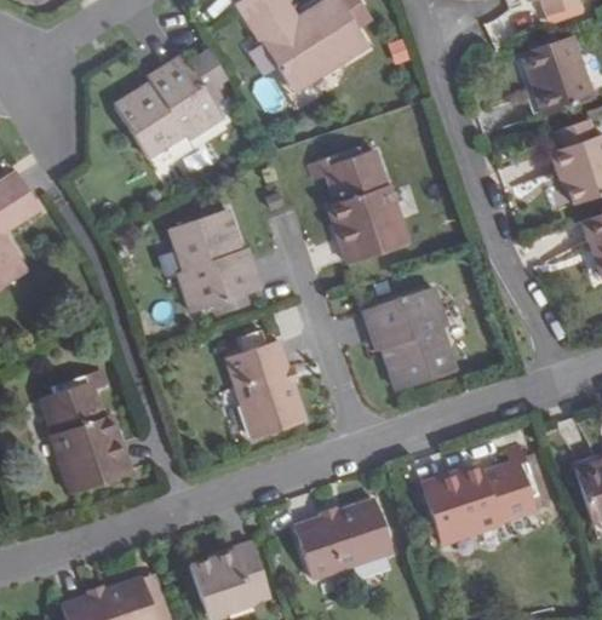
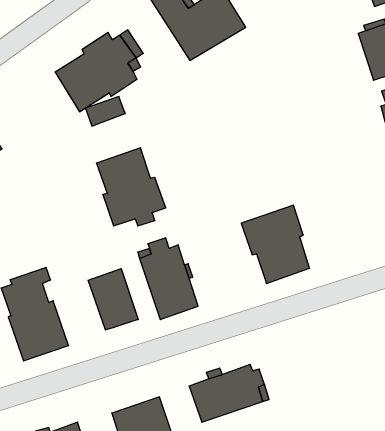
building: [310,147,409,264] -> none
building: none -> [88,269,138,330]
building: [420,446,538,545] -> none

